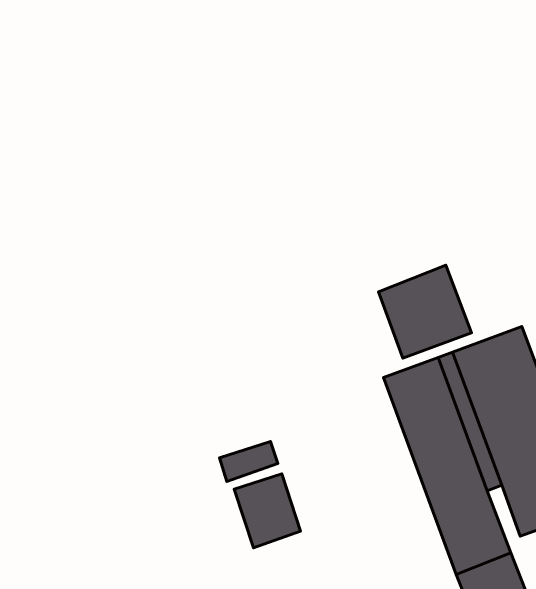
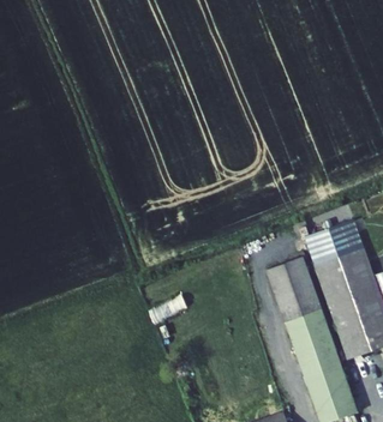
building: [379,265,471,358] -> none
building: [234,474,300,548] -> none

